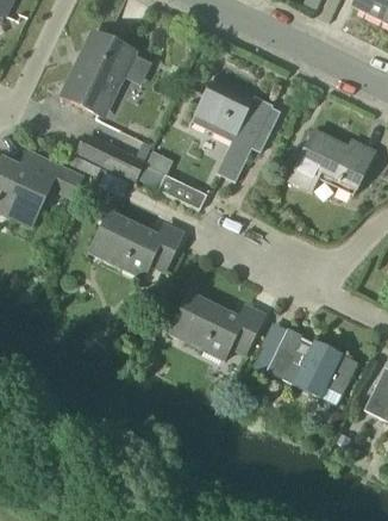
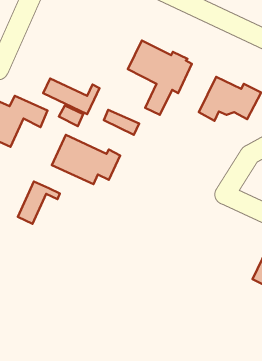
building: [60,32,133,112] -> none
building: none -> [18,181,60,224]
building: [168,290,262,358] -> none
building: [257,327,356,396] -> none

